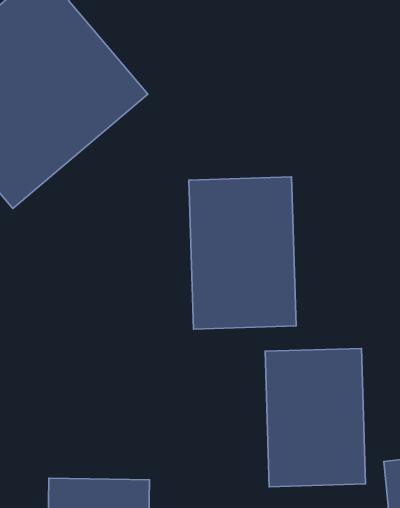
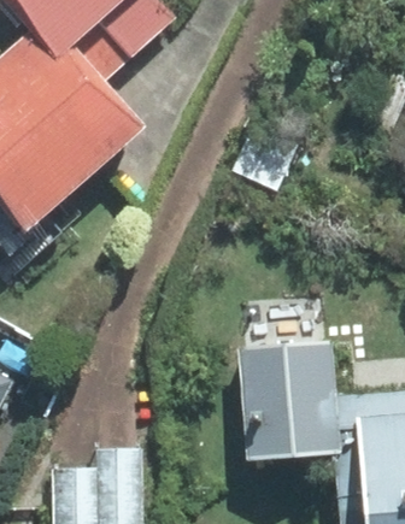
building: [189,177,296,329] -> none

